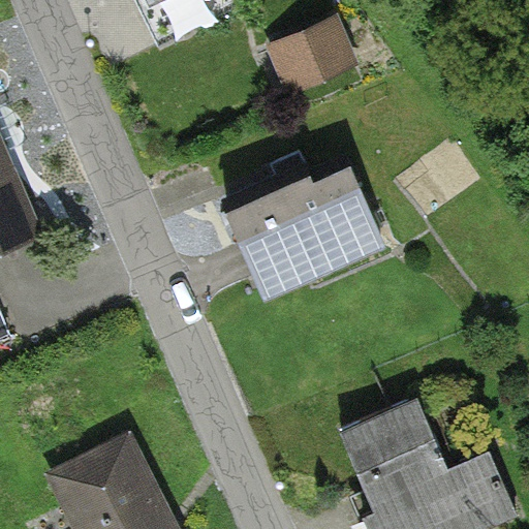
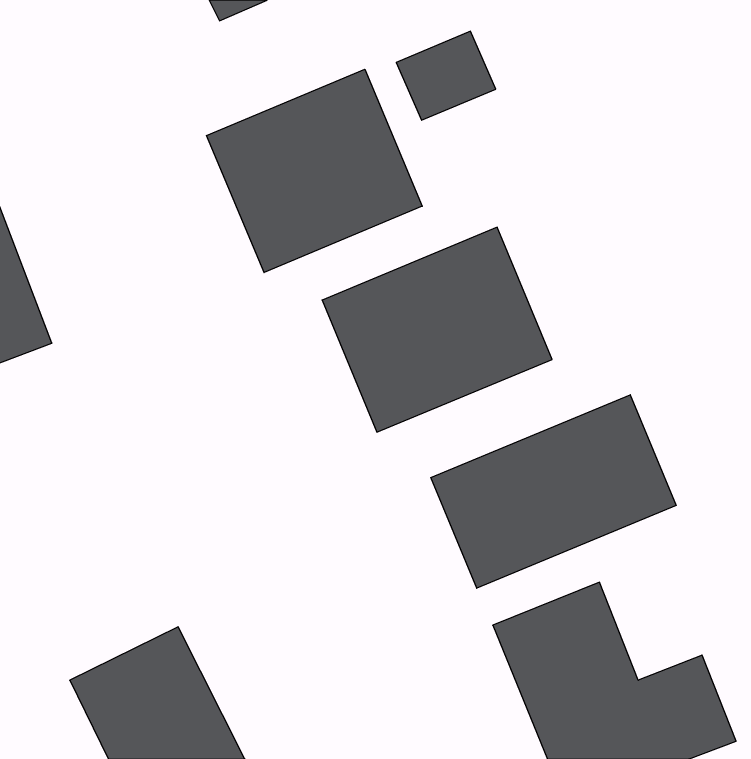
building: none -> [207,69,422,273]
building: none -> [431,395,676,588]

